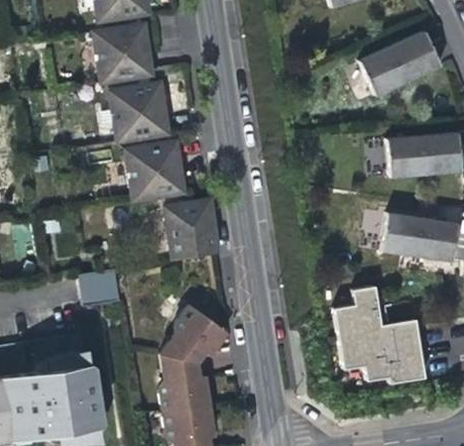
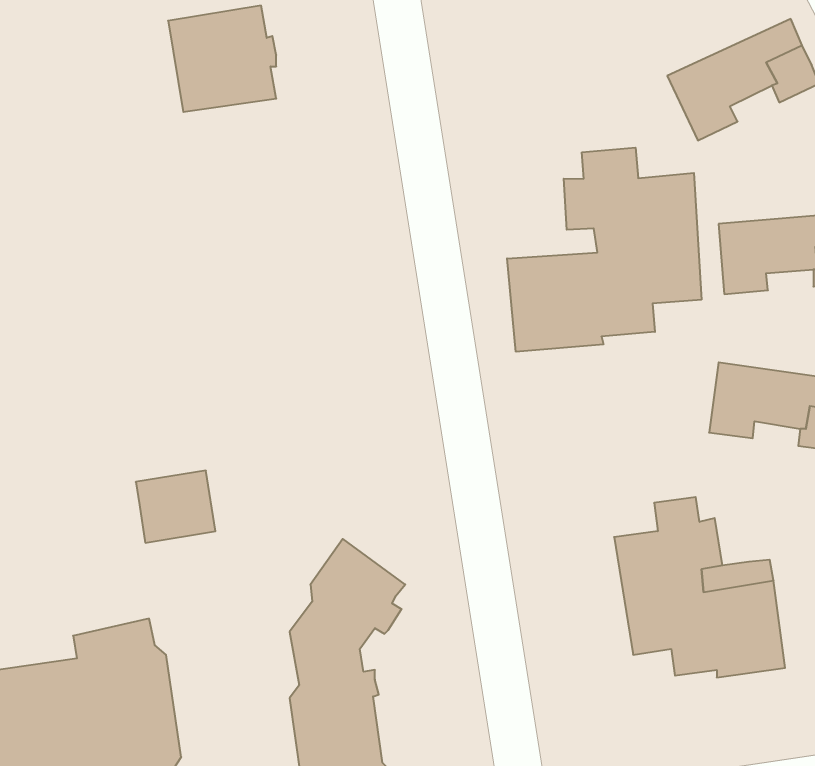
building: [111,82,168,138] -> none
building: none -> [507,148,701,352]
building: [127,140,185,198] -> none
building: [164,199,218,258] -> none

